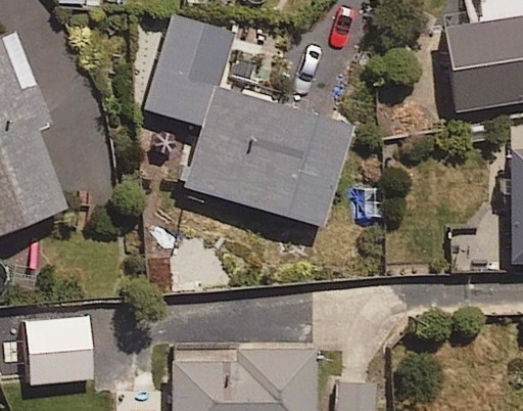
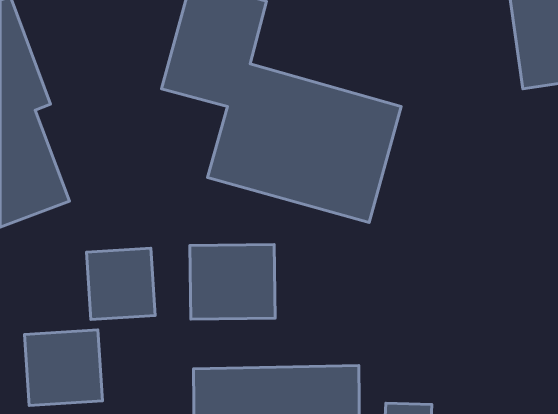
building: none -> [190,245,275,319]
building: none -> [87,248,155,320]

